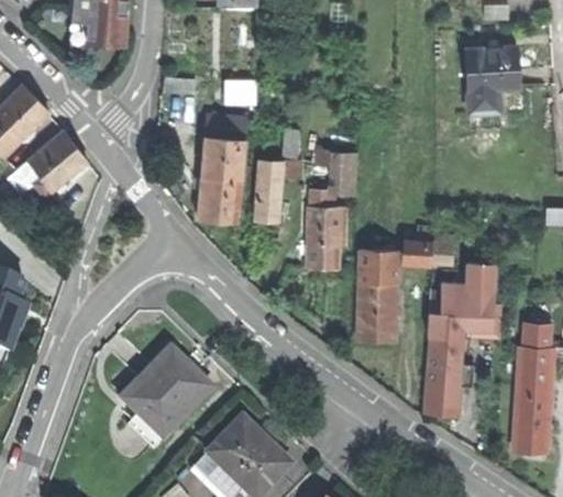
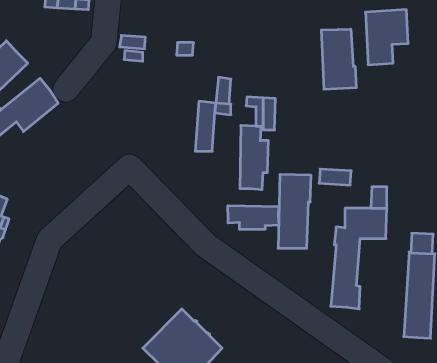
building: none -> [321,29,356,89]
building: [199,117,247,221] -> none
building: none -> [228,206,279,229]
building: [121,349,211,448] -> none

